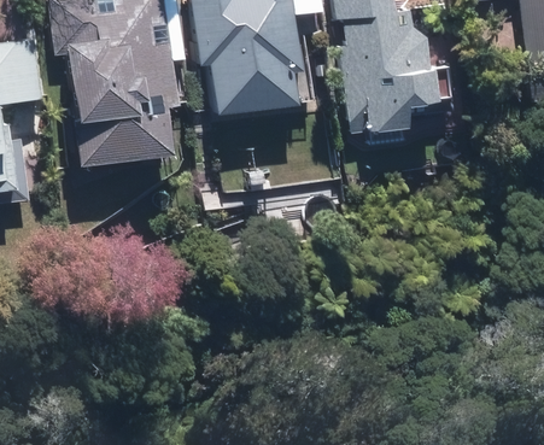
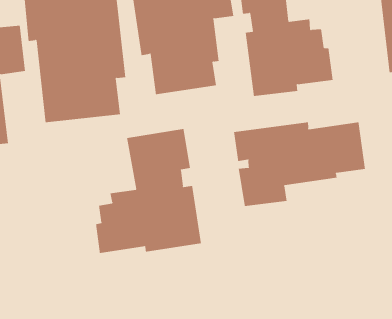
building: none -> [233,122,365,207]
building: none -> [95,128,202,254]

